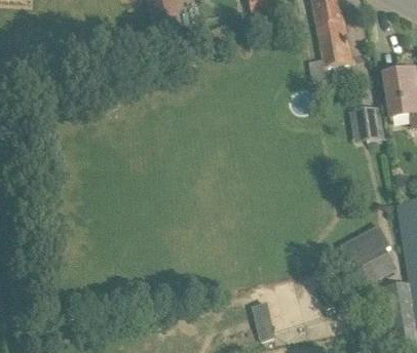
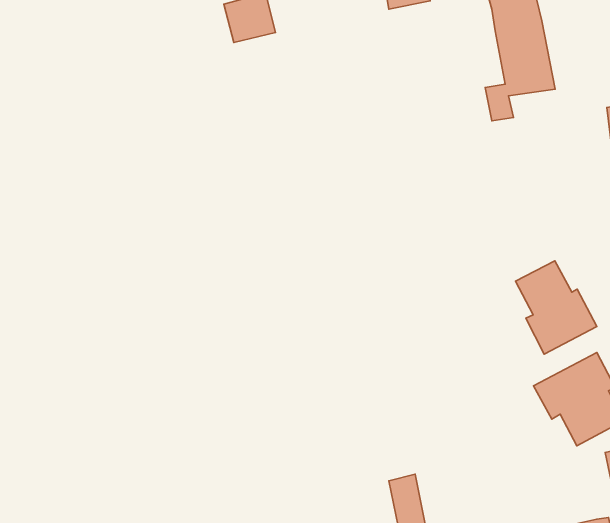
building: [353,106,381,142] -> none
building: none -> [515,261,597,354]

